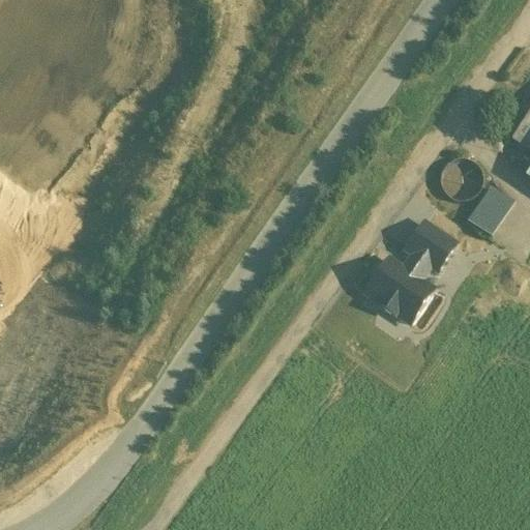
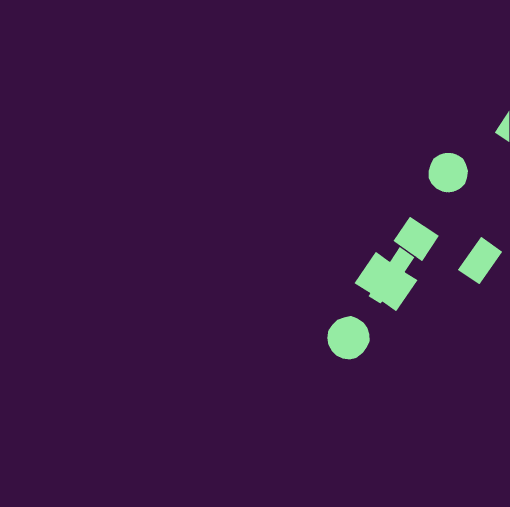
building: [466,185,513,236] -> [457,236,503,285]
building: none -> [327,315,370,360]

